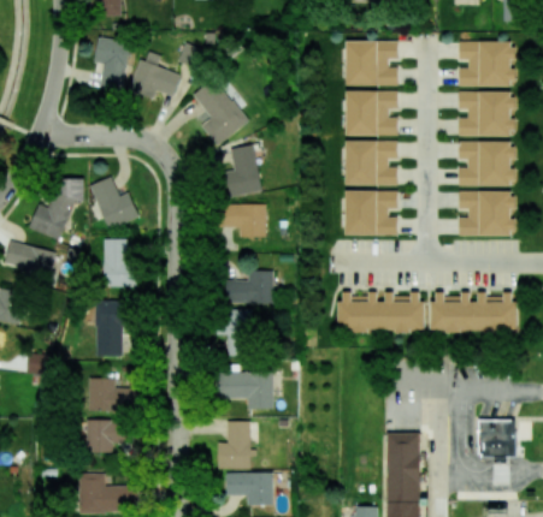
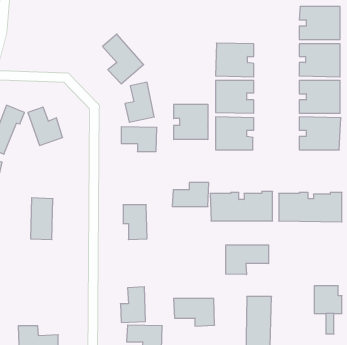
building: [95,37,129,88] -> none
building: [346,41,399,85] -> none
building: [129,50,181,99] -> none
building: none -> [174,104,208,140]
building: [104,238,134,286] -> none
building: [224,271,273,303] -> [172,183,209,207]
building: none -> [226,245,269,275]
building: [218,372,273,409] -> [174,298,215,326]
building: [89,378,135,411] -> none
building: [87,418,124,452] -> none

